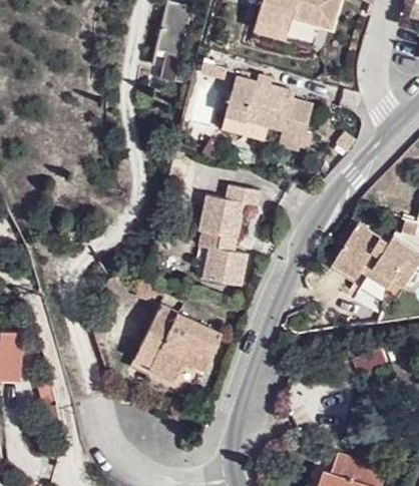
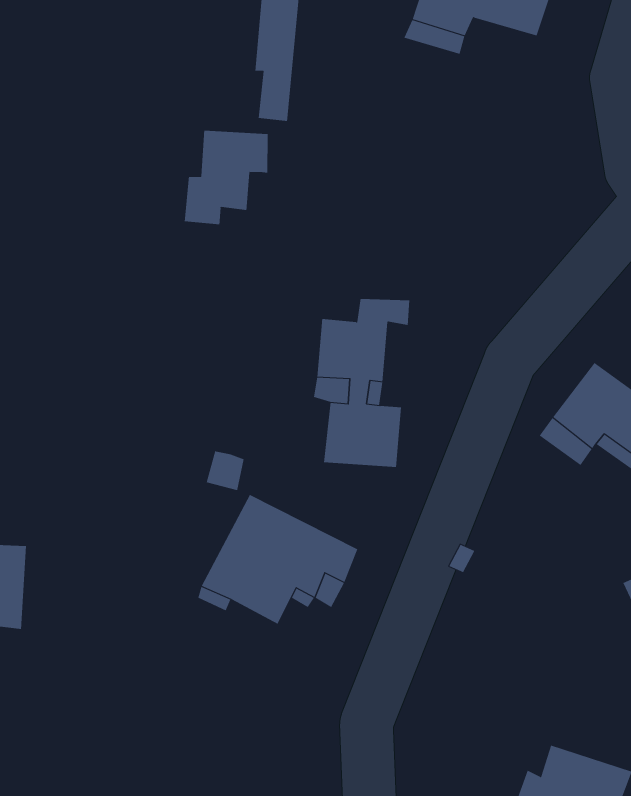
building: [224,77,310,152] -> none
building: none -> [184,130,268,225]

